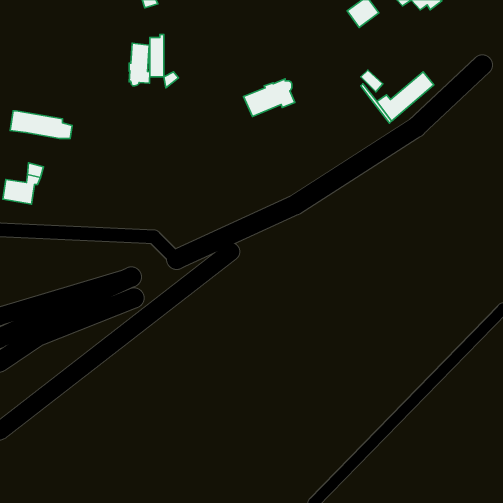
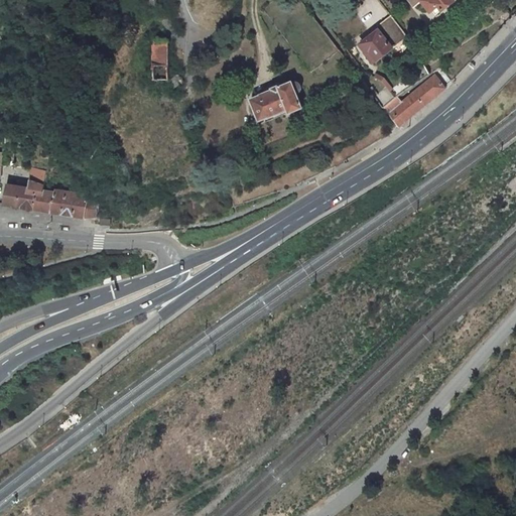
building: none -> [361,18,404,62]
building: [129,43,150,86] -> none
building: [10,111,72,138] -> [32,188,96,217]

